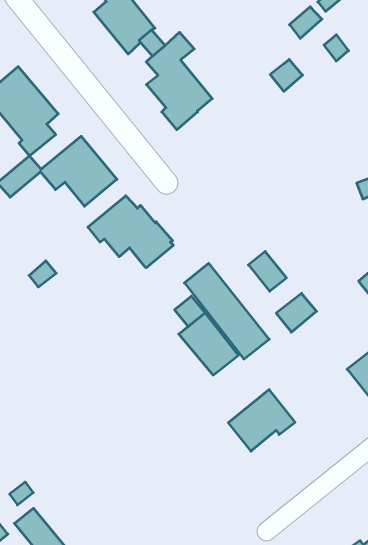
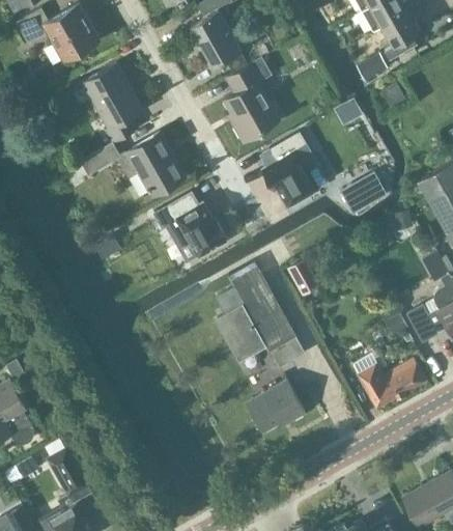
building: none -> [262,133,317,207]
building: none -> [341,179,386,213]
building: [276,293,317,332] -> [270,337,305,369]

